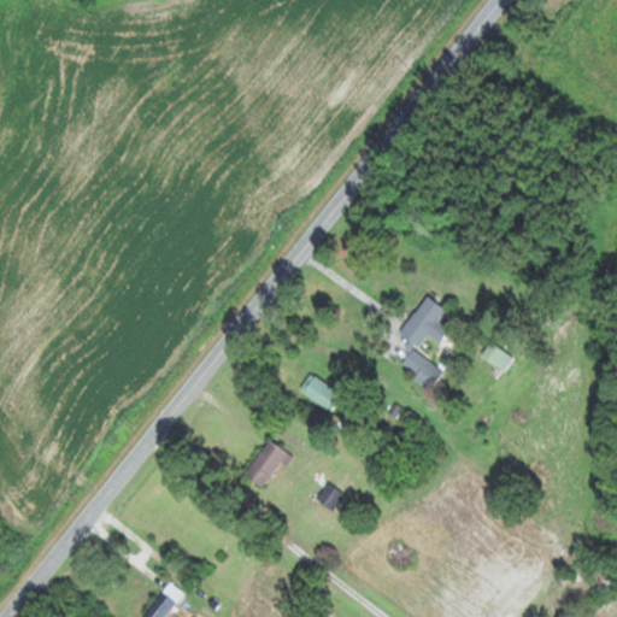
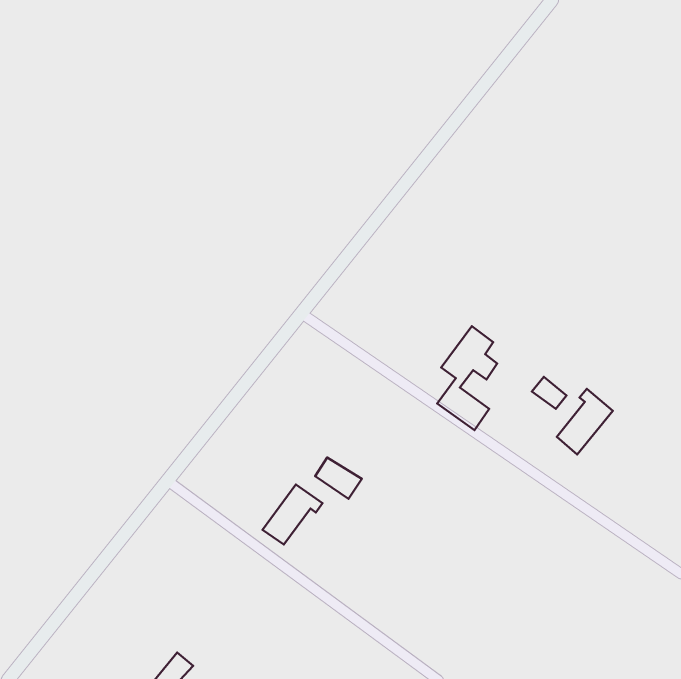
building: none -> [557,389,613,454]
building: [299,375,341,412] -> [315,458,362,499]

